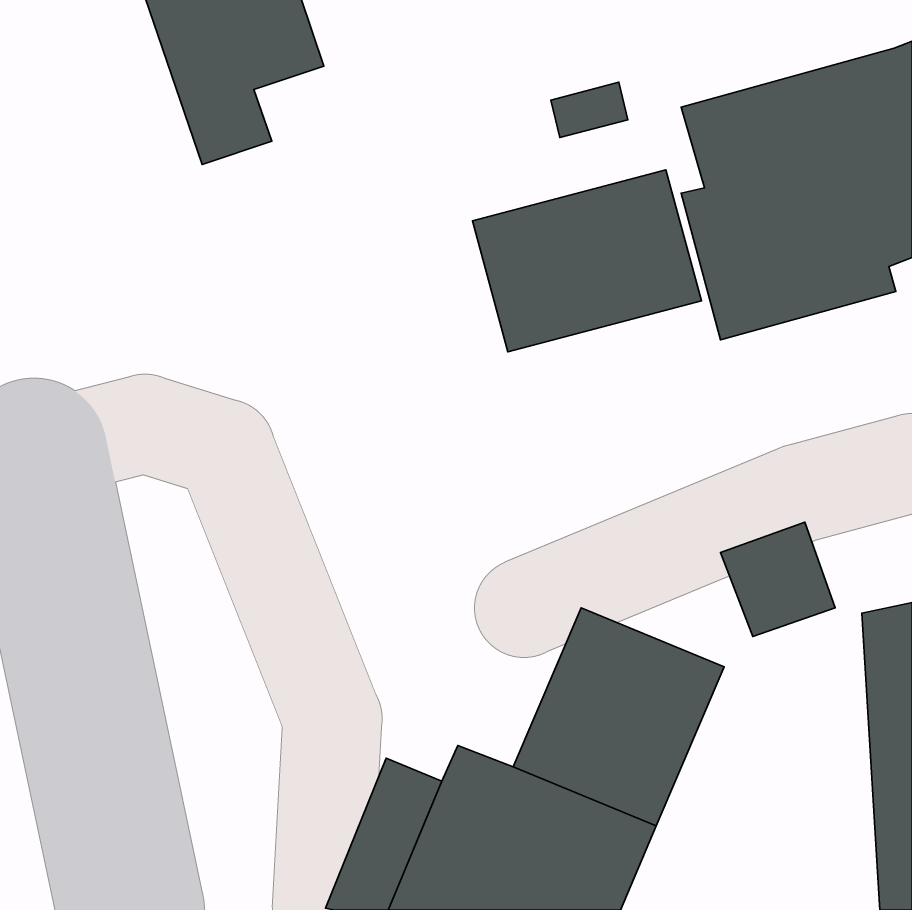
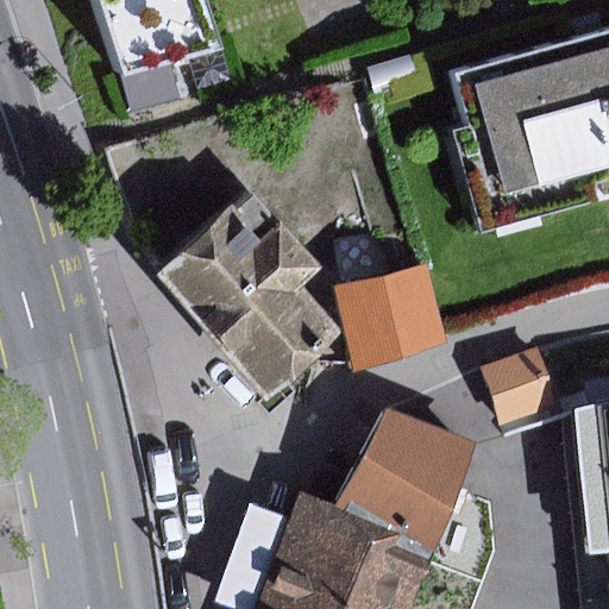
building: [472,170,702,352] -> none
building: none -> [161,193,343,398]
building: none -> [339,268,444,368]

